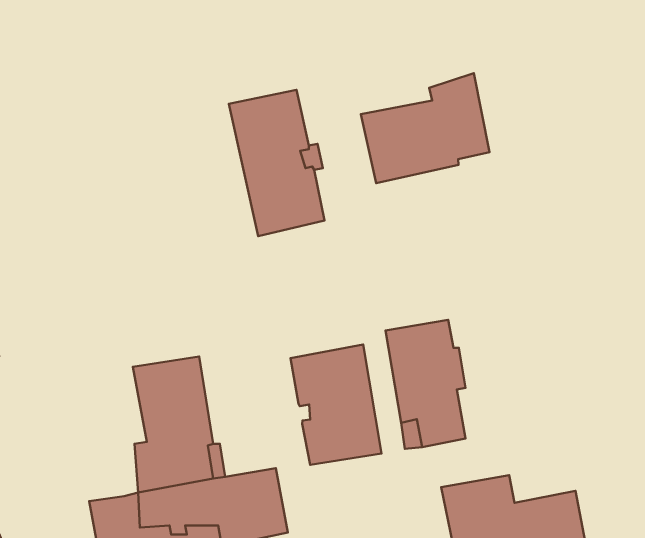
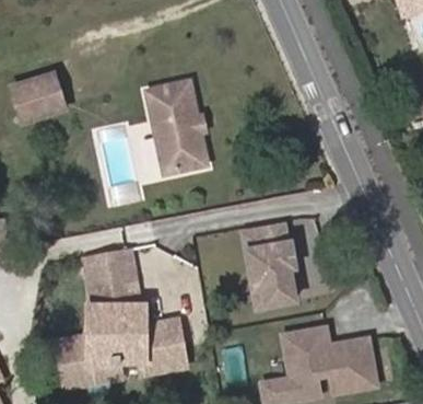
building: [361,73,489,183] -> none
building: none -> [13,78,67,125]
building: [291,345,382,465] -> none

